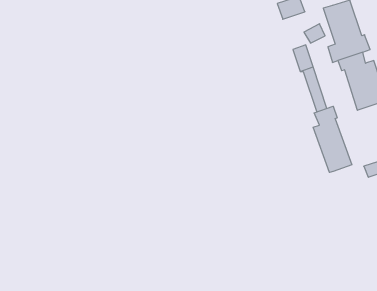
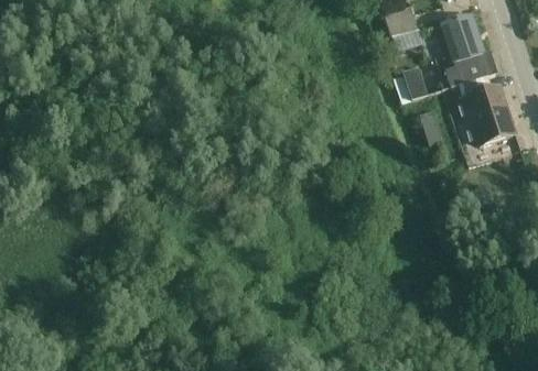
building: [313,106,352,172] -> none

